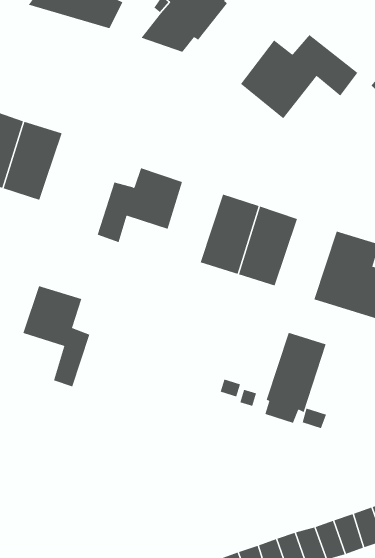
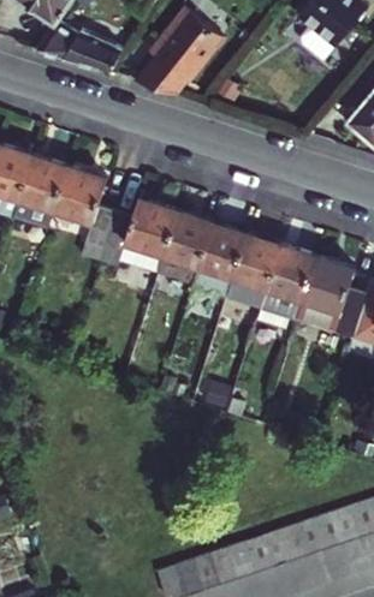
building: [240,34,358,119] -> none
building: none -> [164,211,213,285]
building: [23,286,90,387] -> [53,167,114,259]
building: [264,332,327,423] -> [260,245,316,328]

